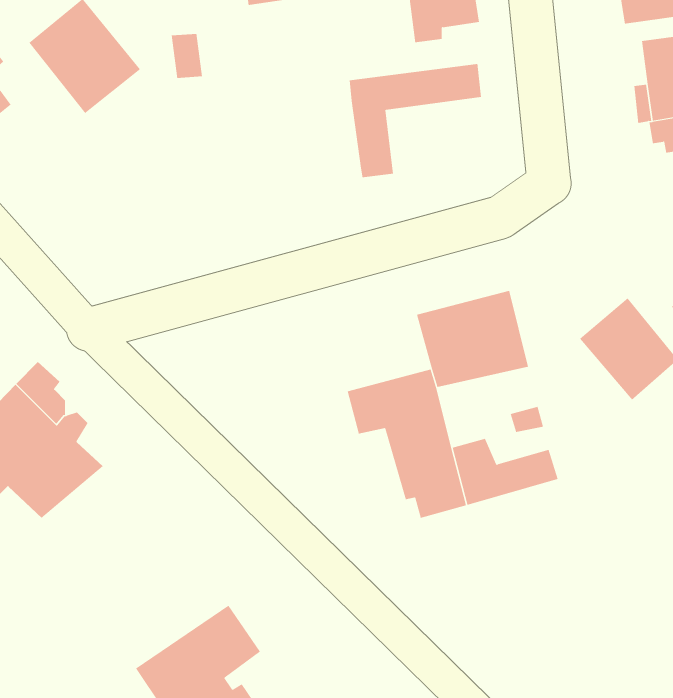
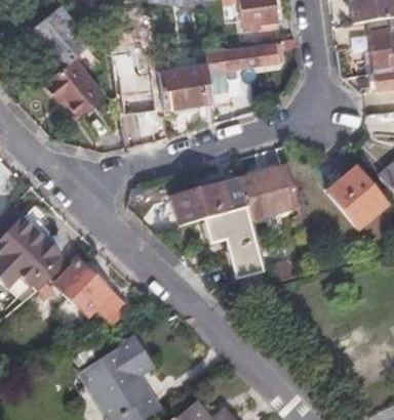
building: none -> [43,58,103,116]
building: none -> [157,64,209,108]
building: none -> [118,70,153,113]
building: none -> [173,176,248,226]
building: none -> [51,260,121,322]

